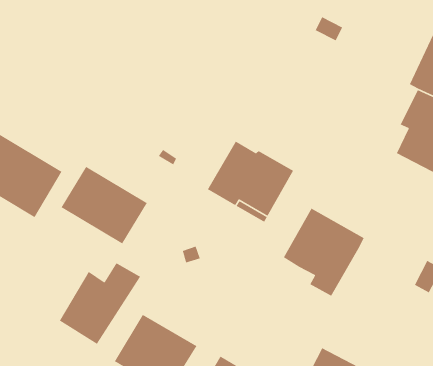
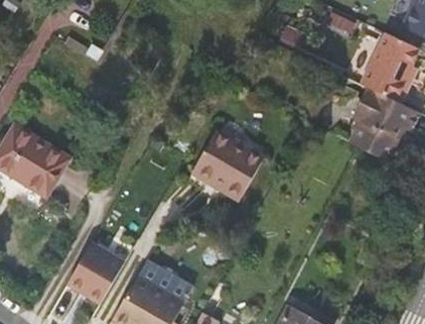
building: [60,166,148,245] -> none
building: [283,207,365,297] -> none
building: none -> [136,258,193,305]

